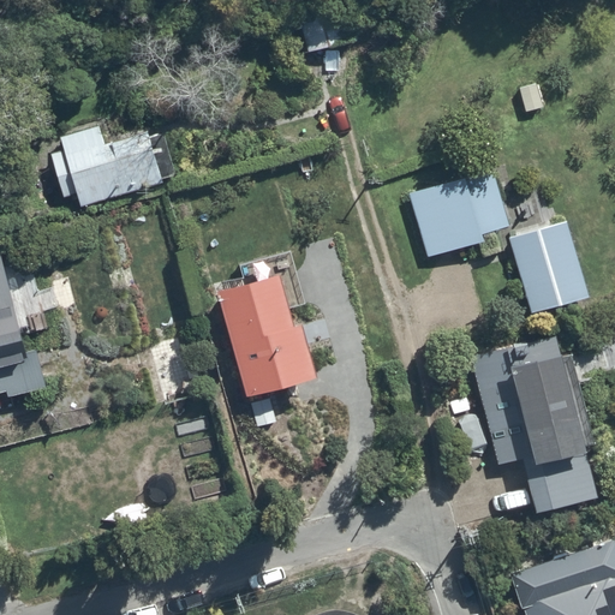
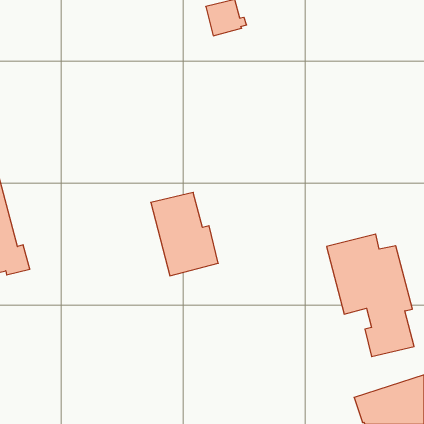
building: [49,126,175,207] -> none
building: [408,173,508,257] -> none
building: [509,217,589,314] -> none

